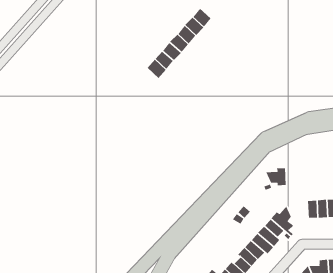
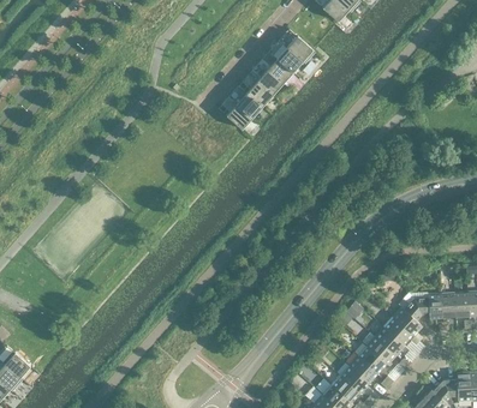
building: [265,167,287,186] -> [413,293,442,318]

